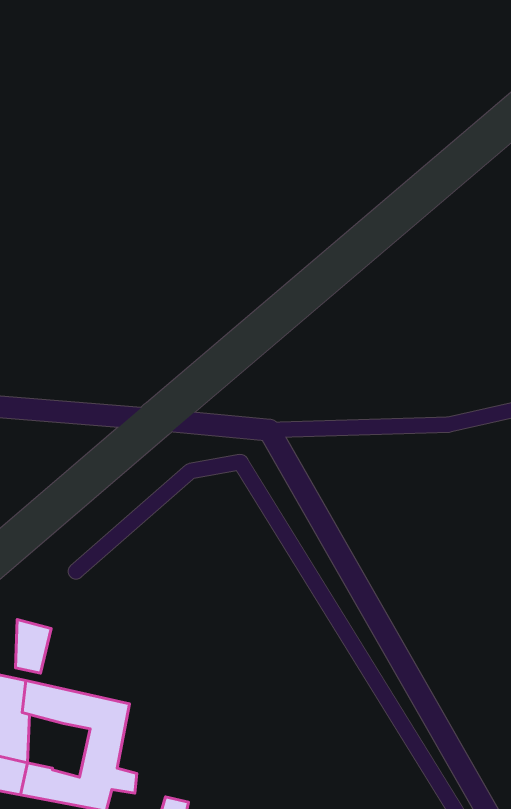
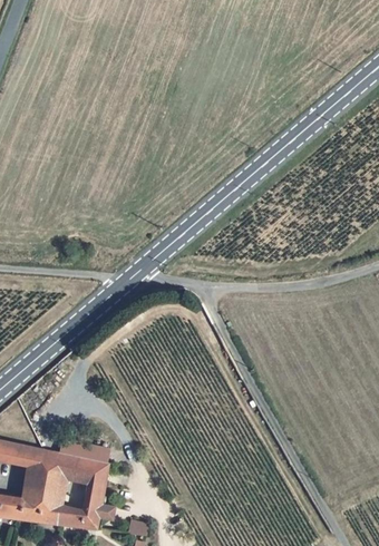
building: [15,619,51,673] -> [46,471,68,505]

